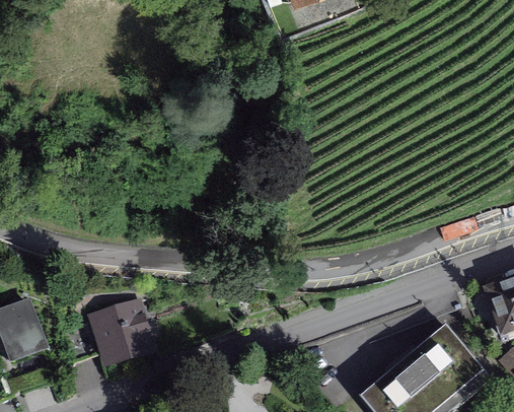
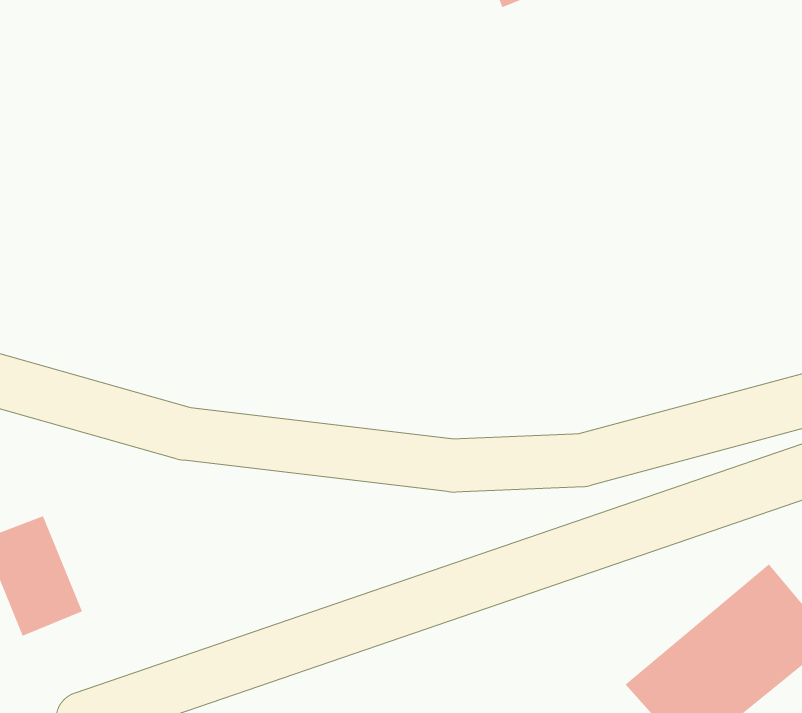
building: [90,296,158,363] -> none

